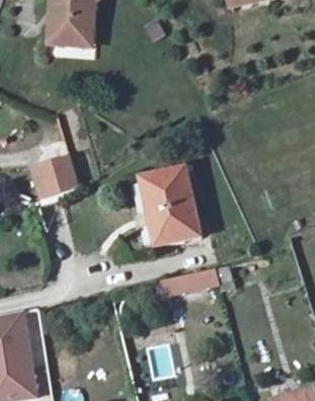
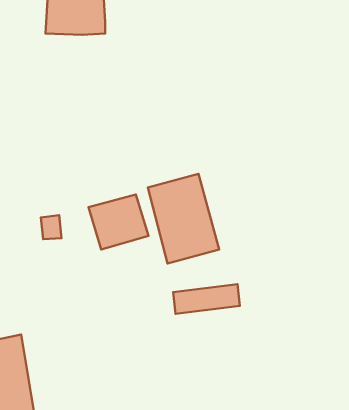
building: [26,149,79,197] -> [89,194,149,250]

